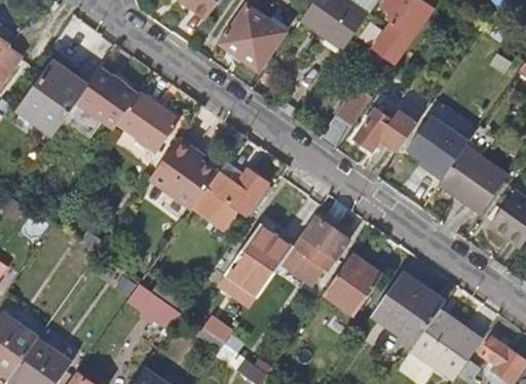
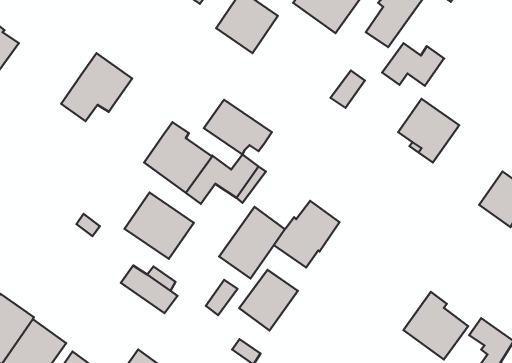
building: [21,63,87,133] -> none
building: [117,92,186,148] -> [204,100,272,154]
building: [354,108,417,151] -> [382,43,444,86]
building: [441,144,508,213] -> none
building: none -> [124,193,194,259]
building: [323,255,382,316] -> [239,270,298,330]
building: [372,273,445,346] -> none

